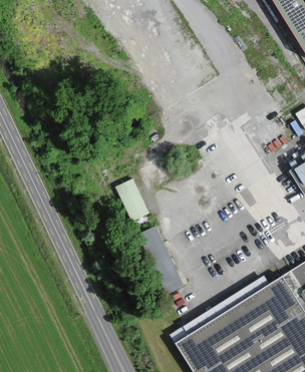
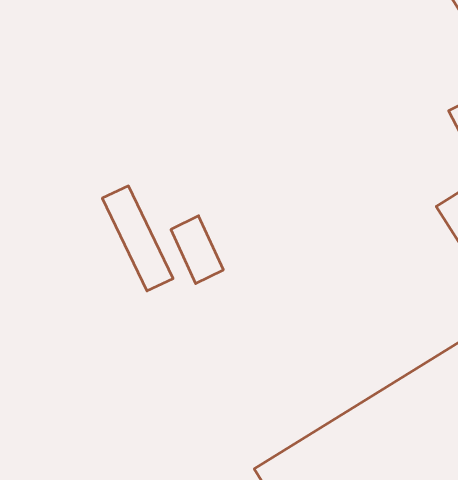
building: [137,226,184,294] -> [102,186,173,291]

